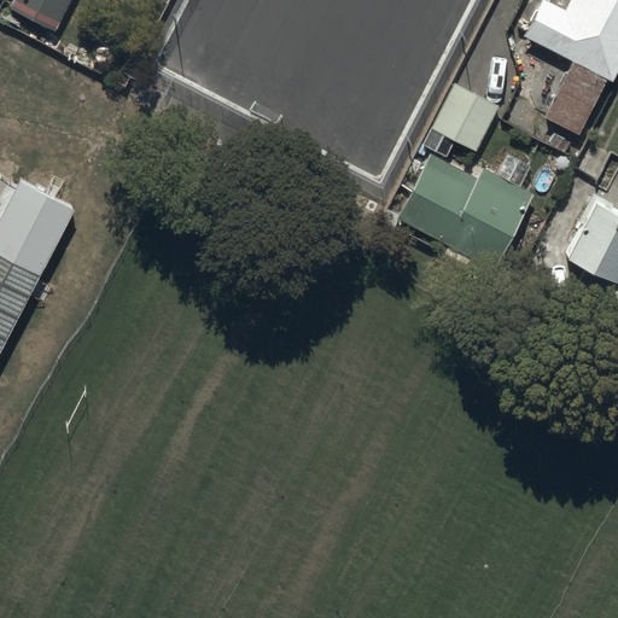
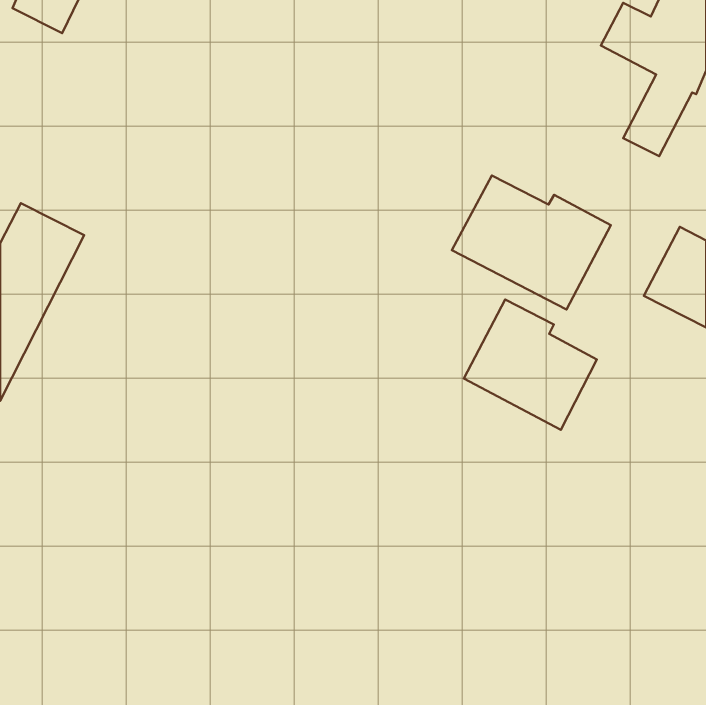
building: [432,84,499,152] -> none
building: none -> [464,300,597,430]

